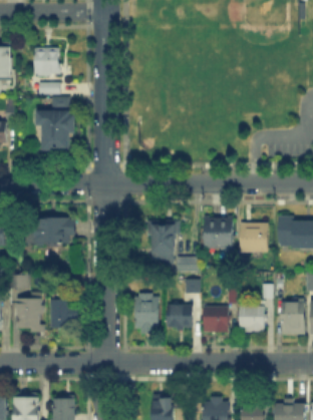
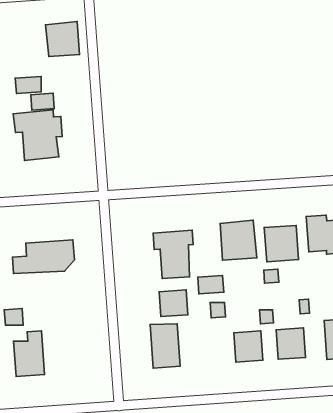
building: [31,44,58,72] -> [45,21,79,57]
building: [51,302,77,328] -> none
building: [169,307,192,328] -> [159,290,188,317]

